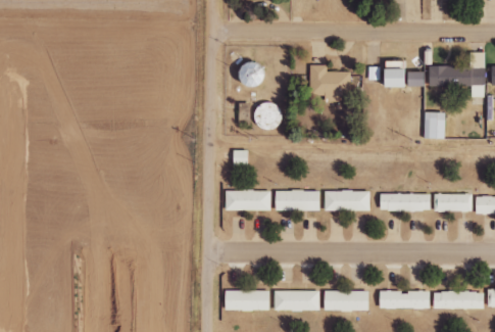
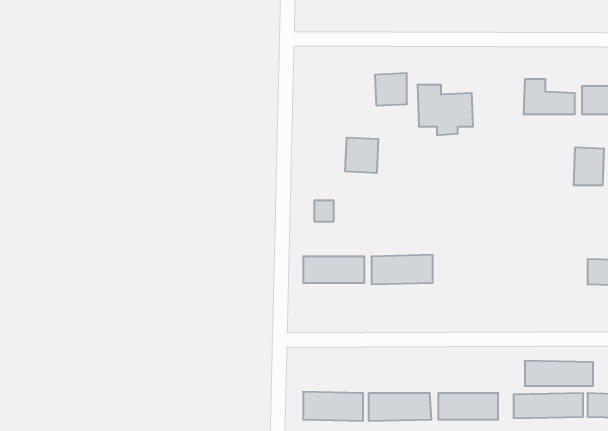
building: [243,62,266,86] -> [375,73,407,105]
building: [325,190,370,210] -> none
building: [381,192,431,210] -> [525,361,593,386]

